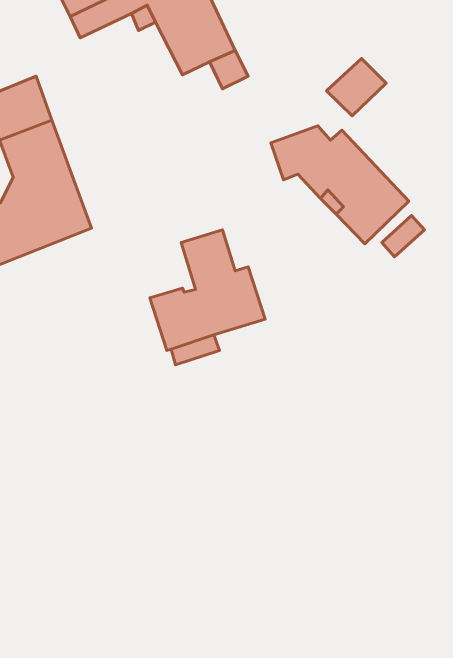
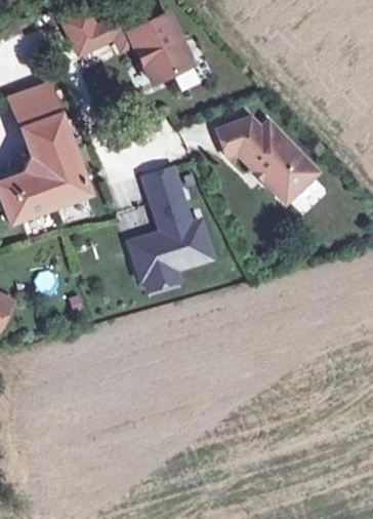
building: [327,58,386,116] -> none
building: none -> [144,169,182,203]

